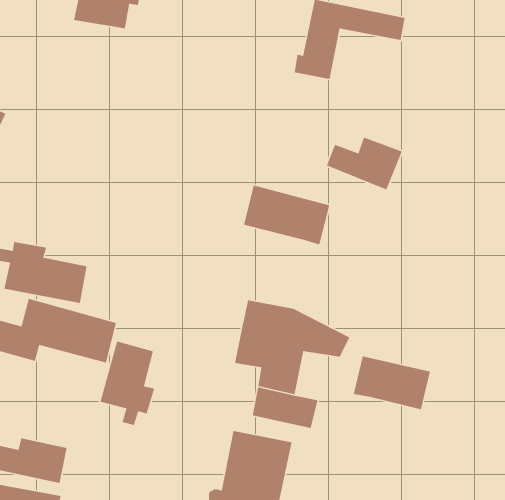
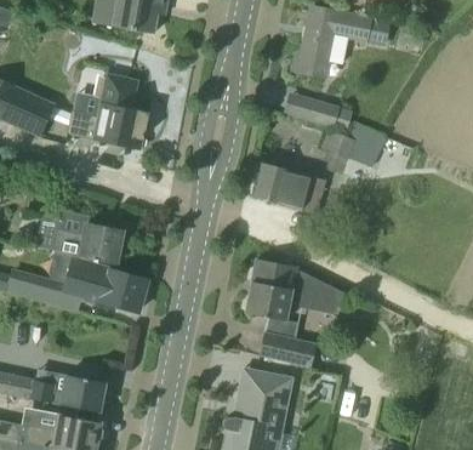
building: none -> [73,75,150,149]
building: none -> [286,92,353,130]
building: [99,341,155,426] -> none
building: [353,355,431,410] -> none

